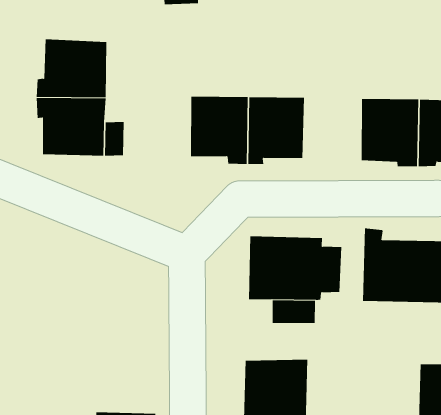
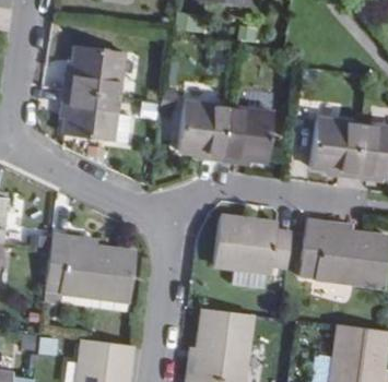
building: none -> [45,234,134,300]

